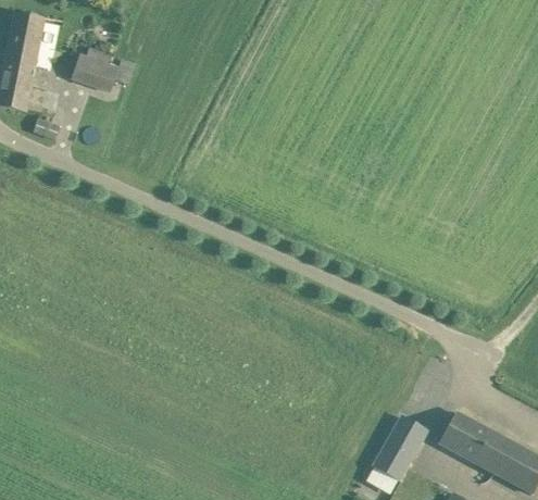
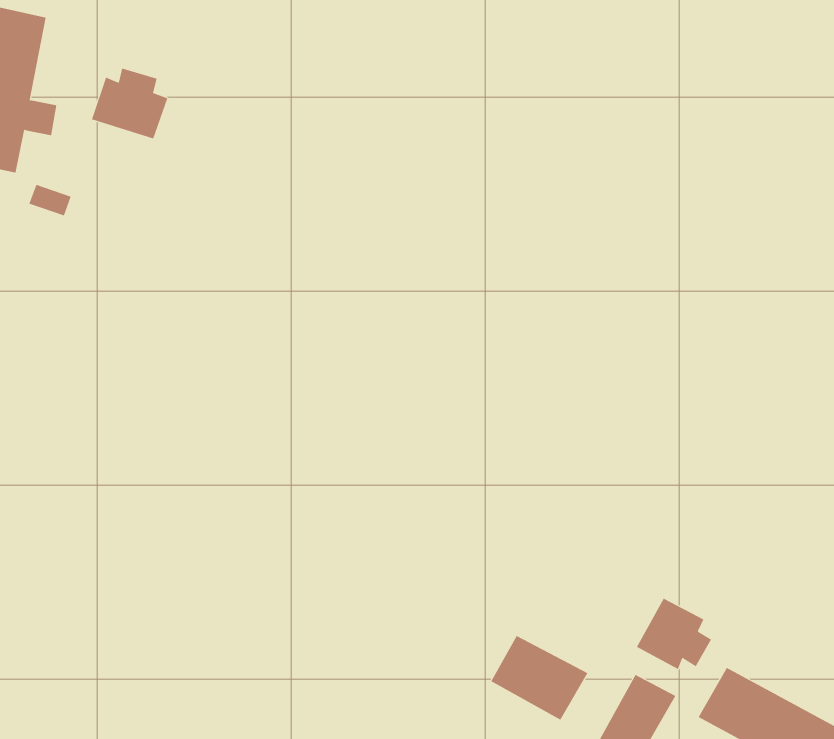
building: none -> [636,598,712,670]
building: none -> [490,635,588,720]

